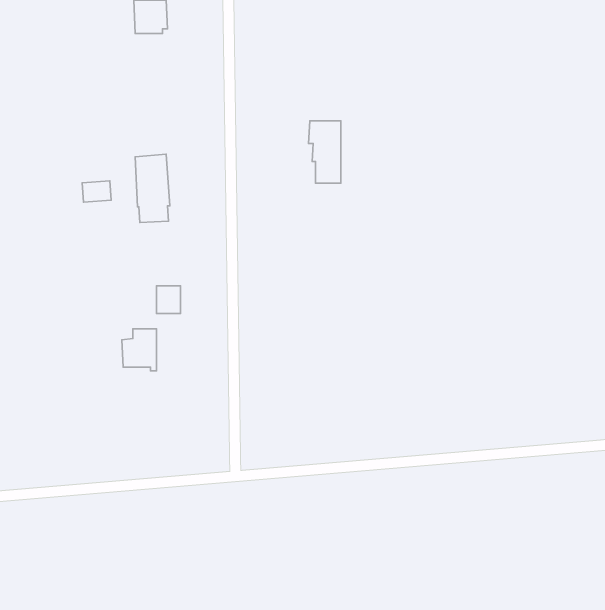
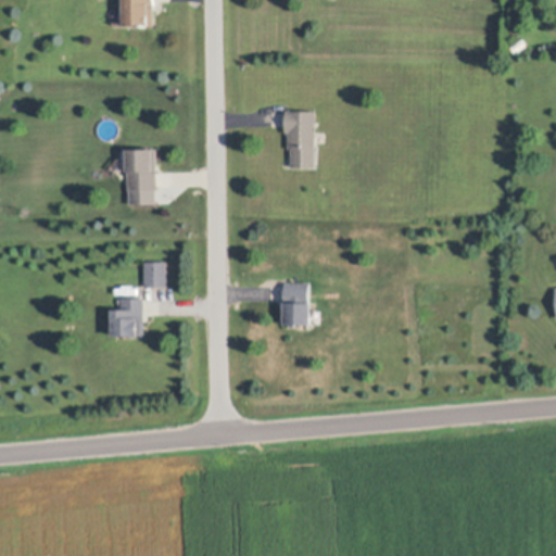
building: [82,181,111,202] -> none
building: none -> [282,288,309,325]

